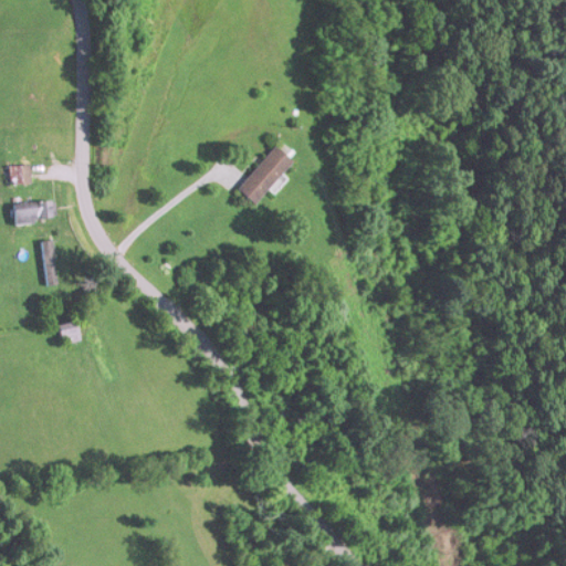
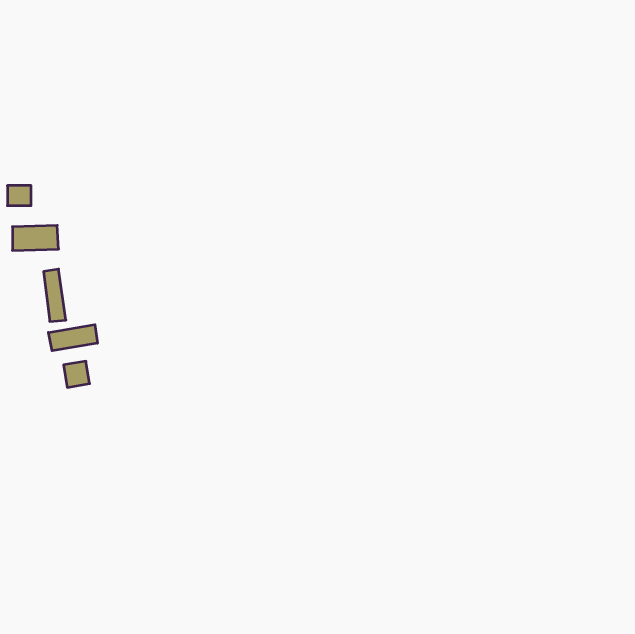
building: [239,146,293,203] -> none
building: none -> [48,325,97,351]

